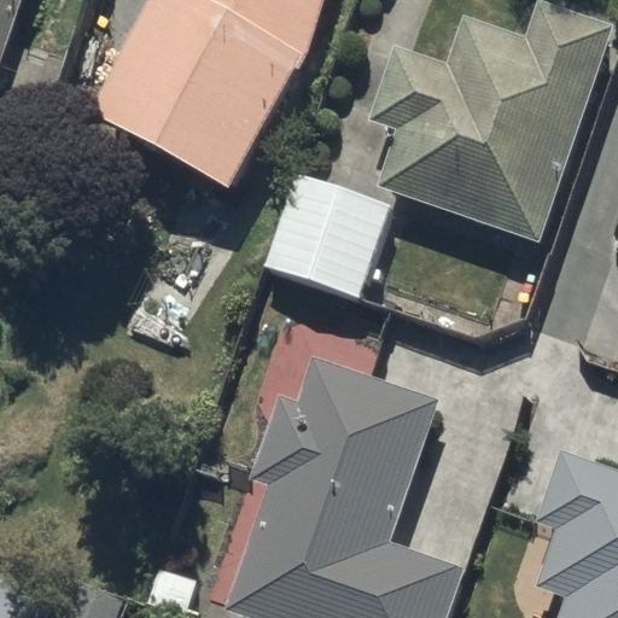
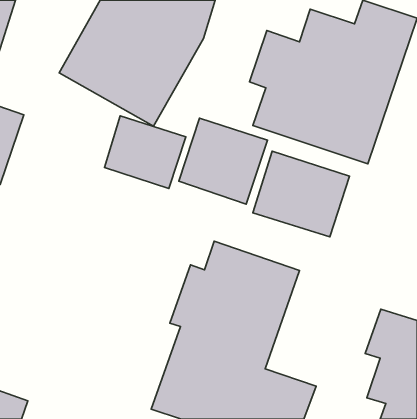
building: none -> [104,116,186,189]
building: none -> [253,151,350,237]

